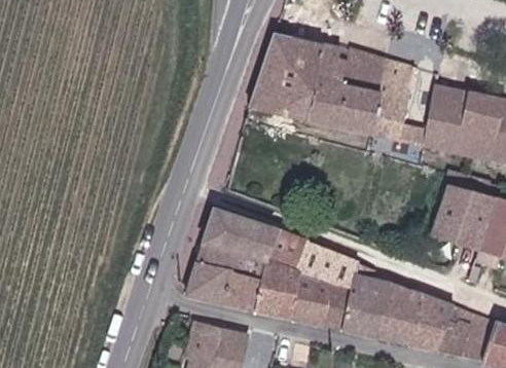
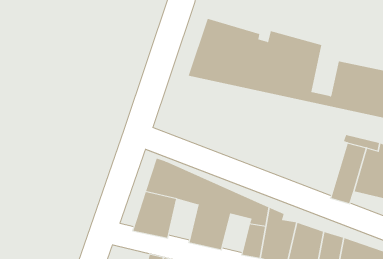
building: [228,257,265,310] -> none
building: [294,275,330,326] -> none

